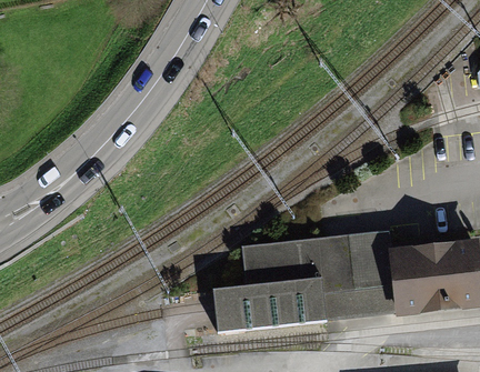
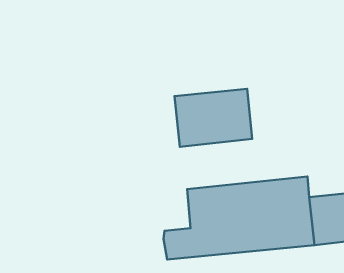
building: none -> [174,89,252,147]

